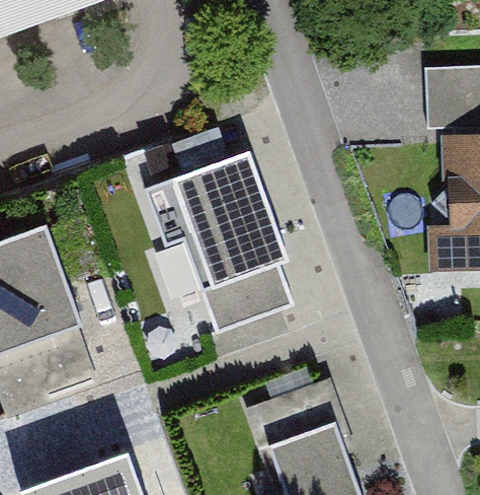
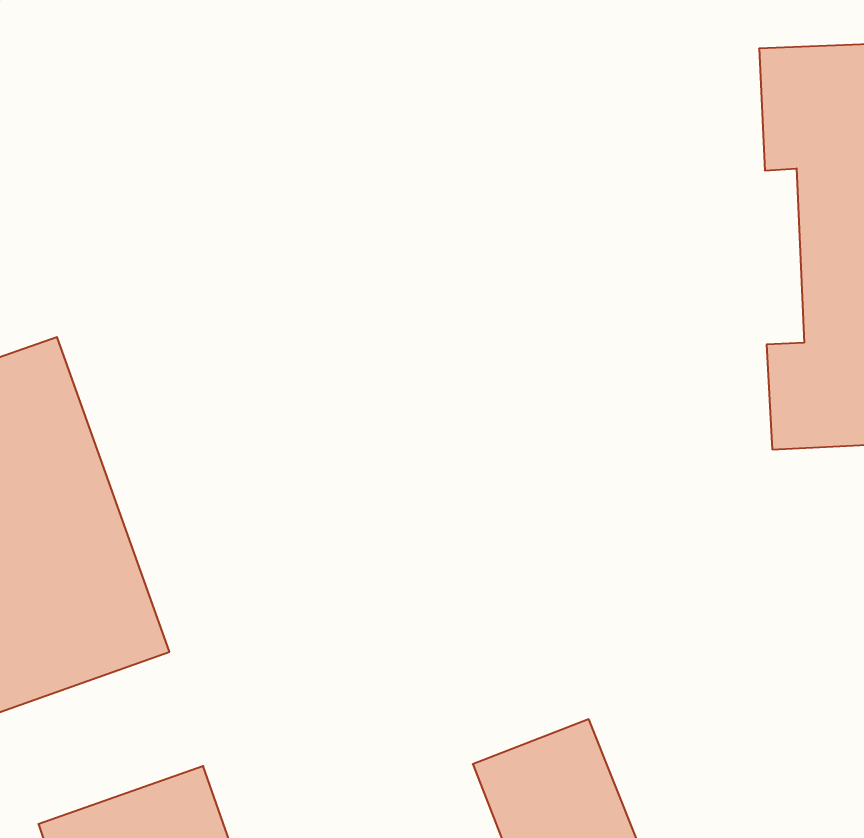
building: [141,148,296,336] -> none

